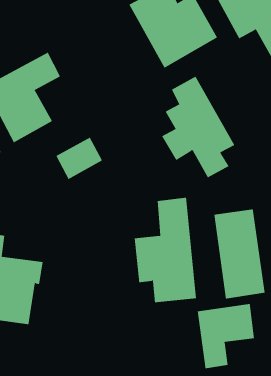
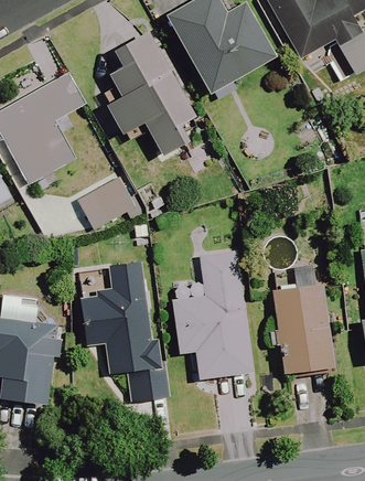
building: [161,76,235,178] -> [106,32,195,156]
building: none -> [80,261,168,400]
building: [197,303,255,369] -> none

